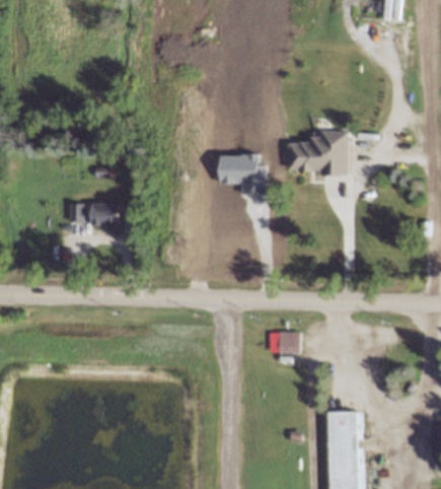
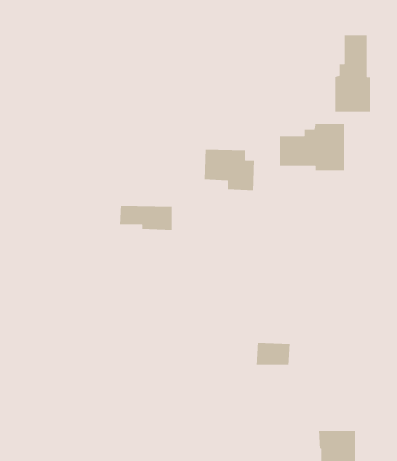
building: none -> [335,34,371,112]
building: [70,203,119,226] -> [119,205,173,231]

